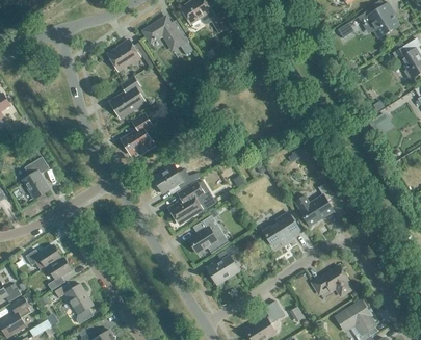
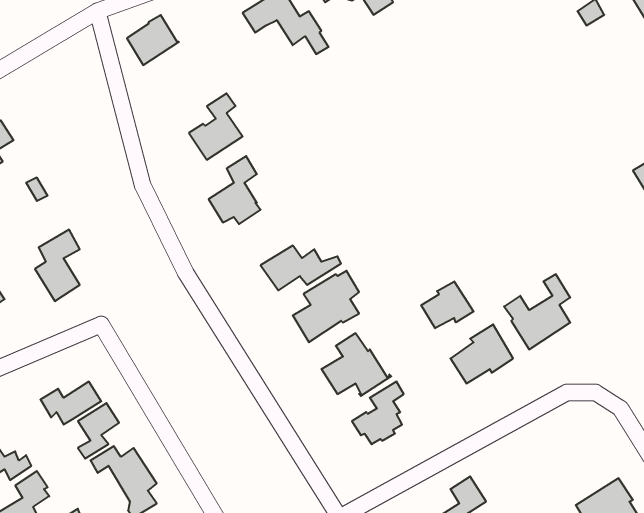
building: [110,41,140,70] -> [127,15,179,65]
building: none -> [421,281,474,328]
building: [313,266,352,296] -> none

